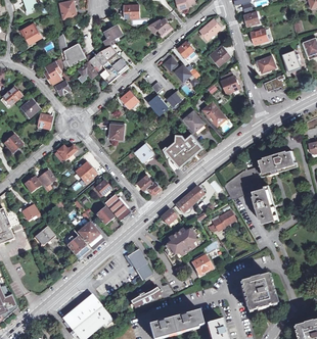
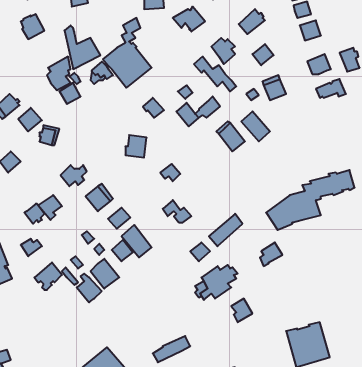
building: [163,132,202,166] -> none
building: [253,186,277,222] -> none
building: [125,248,151,279] -> none

